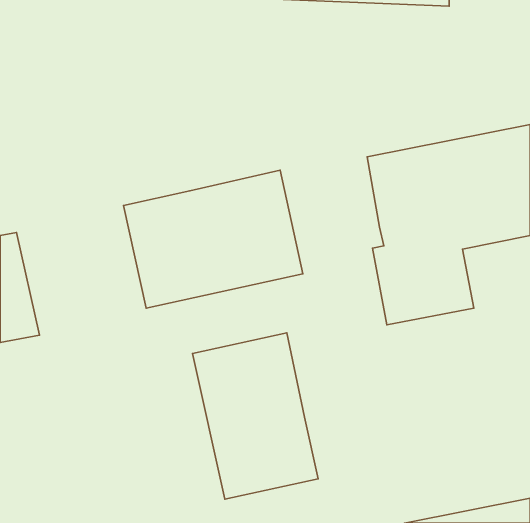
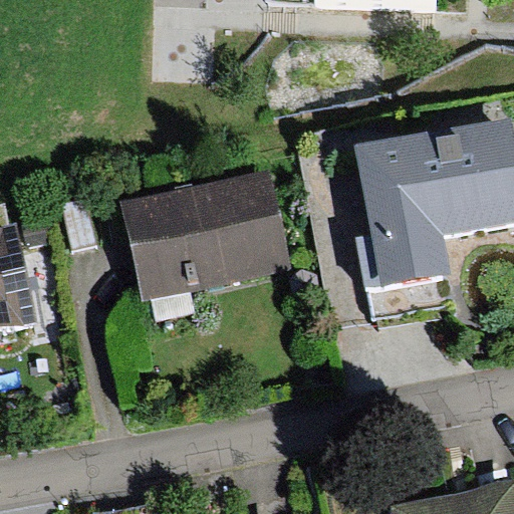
building: [193,333,318,499] -> none

